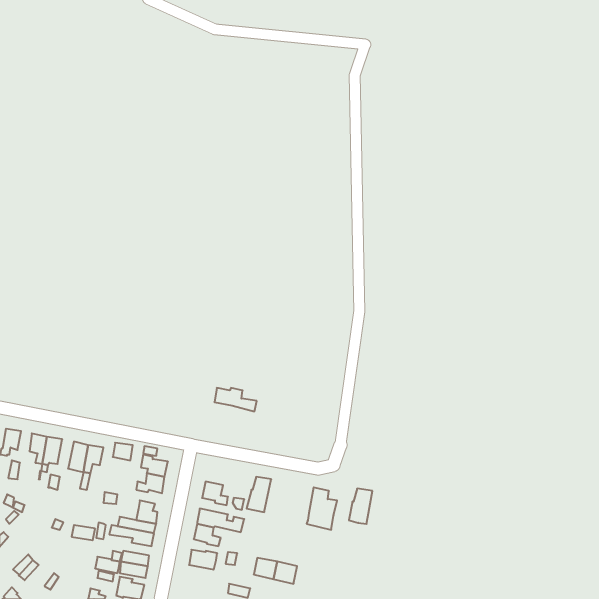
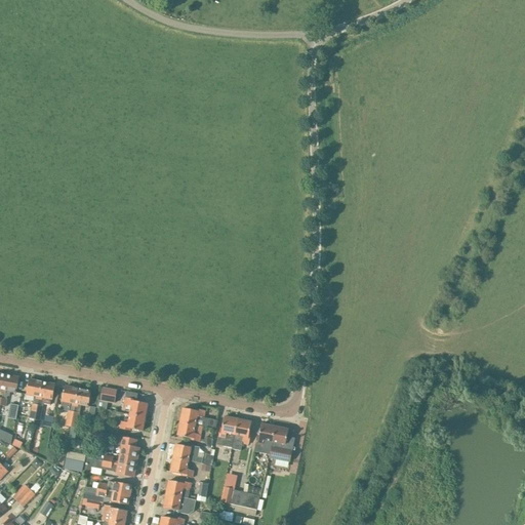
building: [214,388,257,411] -> [179,408,216,429]
building: none -> [231,418,250,450]
building: [349,489,372,524] -> [253,423,274,454]
building: none -> [162,493,192,513]

